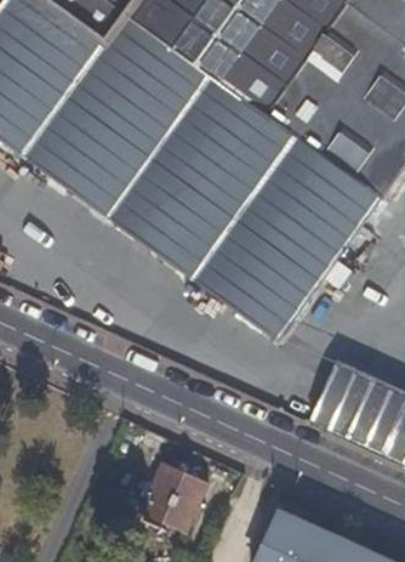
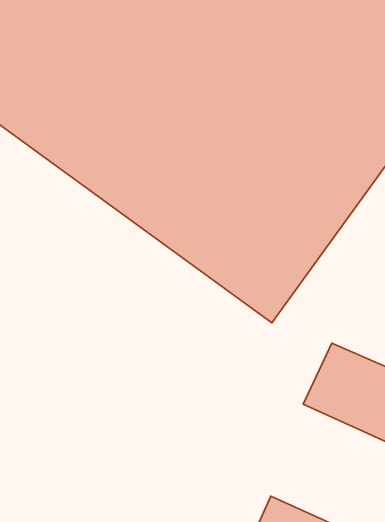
building: [138,462,206,533] -> none

